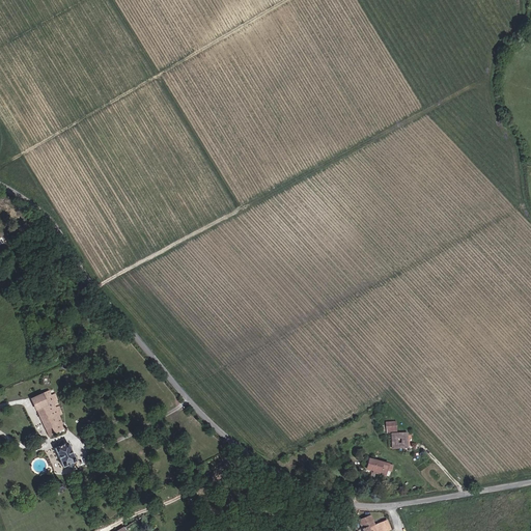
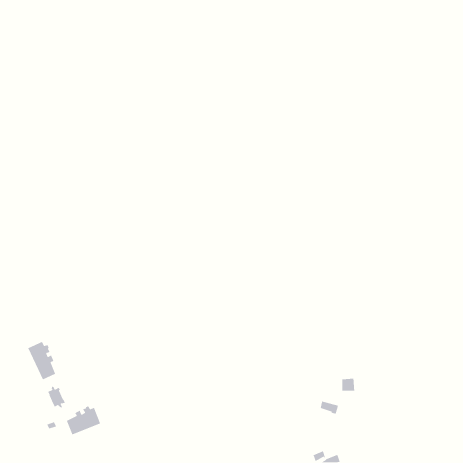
building: none -> [66,405,101,435]

